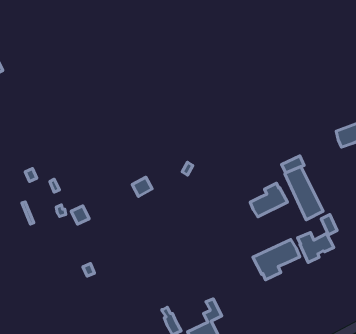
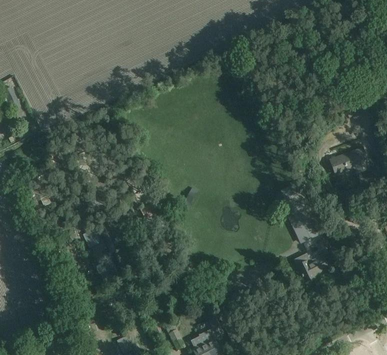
building: [250,183,287,217] -> none
building: [253,239,300,280] -> none

